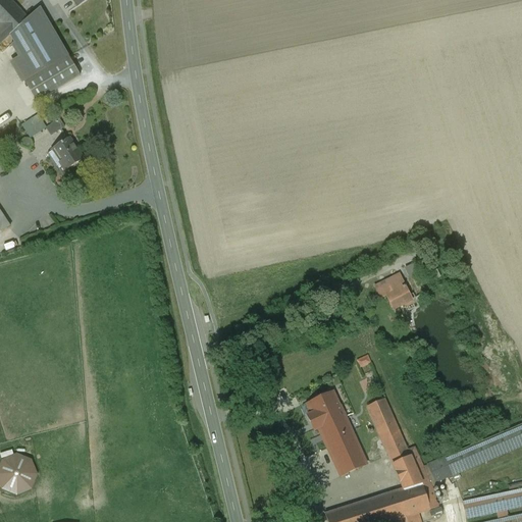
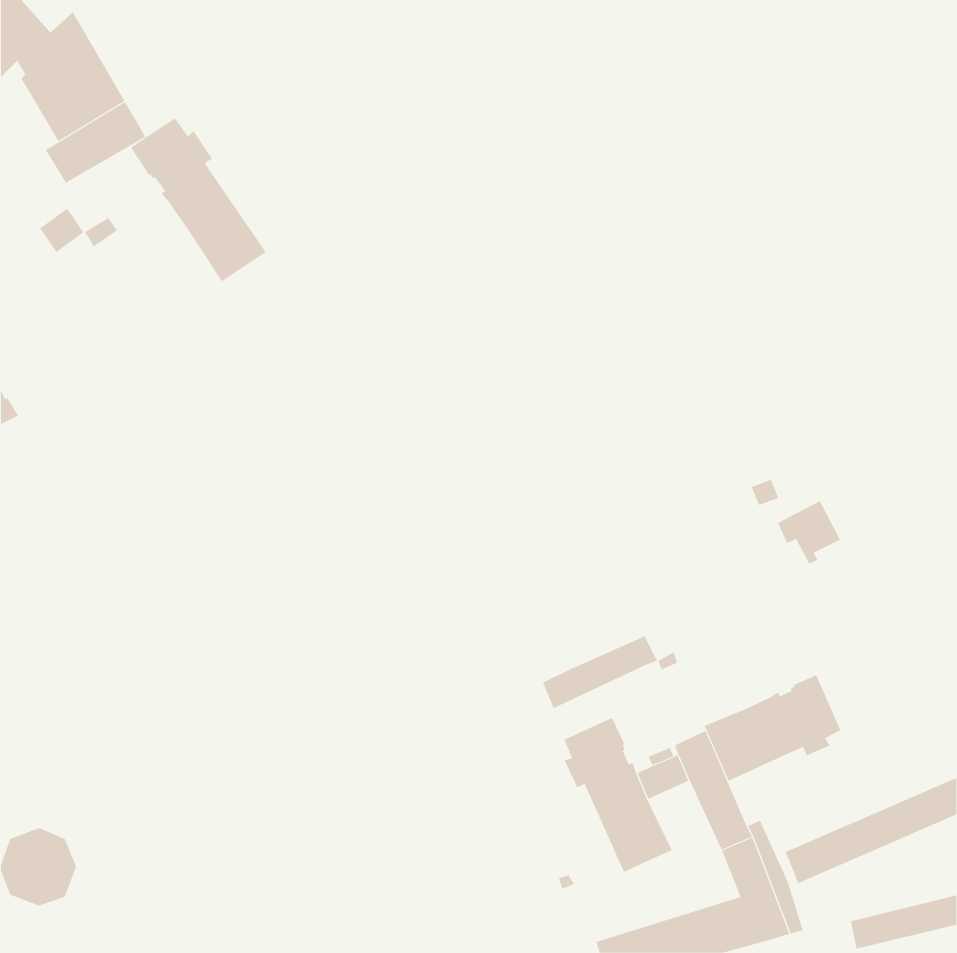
building: none -> [130,118,266,282]
building: [47,137,84,170] -> none
building: [375,273,410,308] -> [777,500,841,564]
building: none -> [542,635,657,709]
building: none -> [704,674,841,781]

